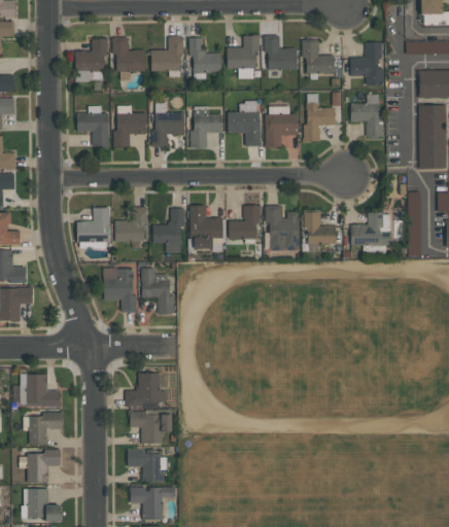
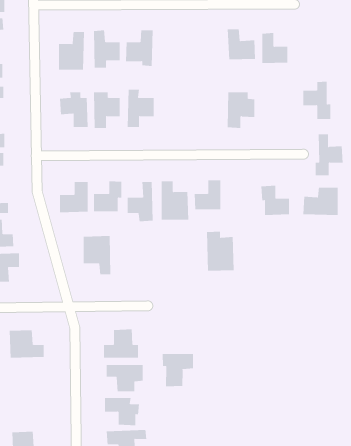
building: [228,35,257,78] -> none
building: [189,37,221,78] -> none
building: [350,42,384,85] -> none
building: [304,94,336,141] -> [315,134,343,176]
building: [229,101,261,145] -> none
building: [191,106,222,147] -> none
building: [268,205,300,250] -> [206,231,235,271]
building: [142,268,175,313] -> none
building: none -> [162,353,194,387]
building: [24,412,63,445] -> none
building: [21,449,62,483] -> none

